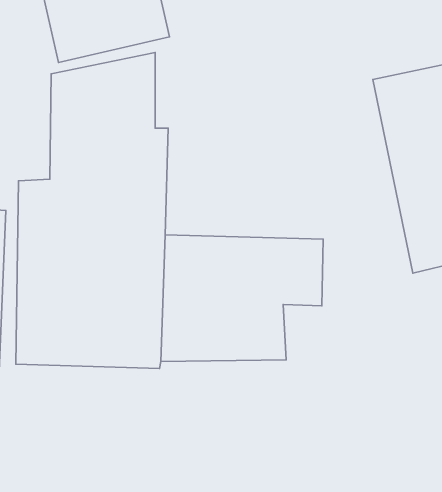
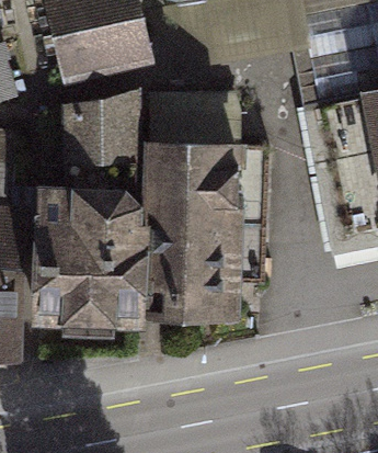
building: none -> [149,135,273,220]

